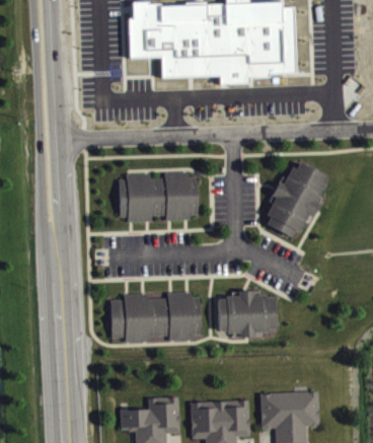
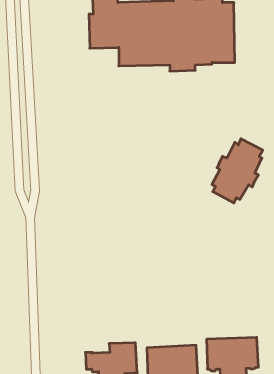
building: [119,172,199,221] -> none
building: [219,291,277,337] -> none
building: [111,292,201,343] -> none

